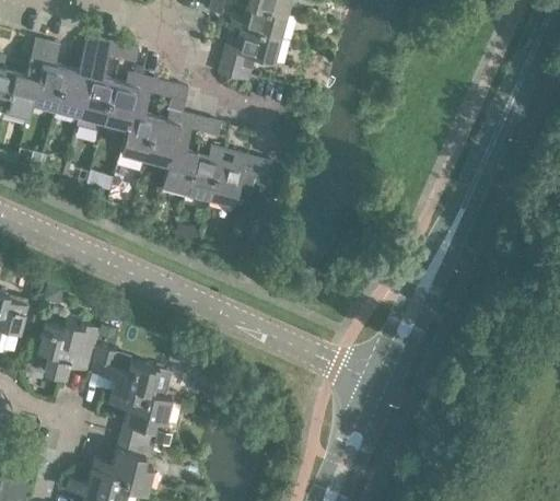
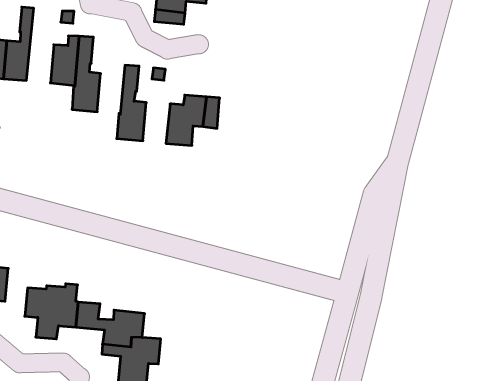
building: [78,42,112,120] -> none
building: [144,88,187,164] -> none
building: [186,149,224,201] -> none

